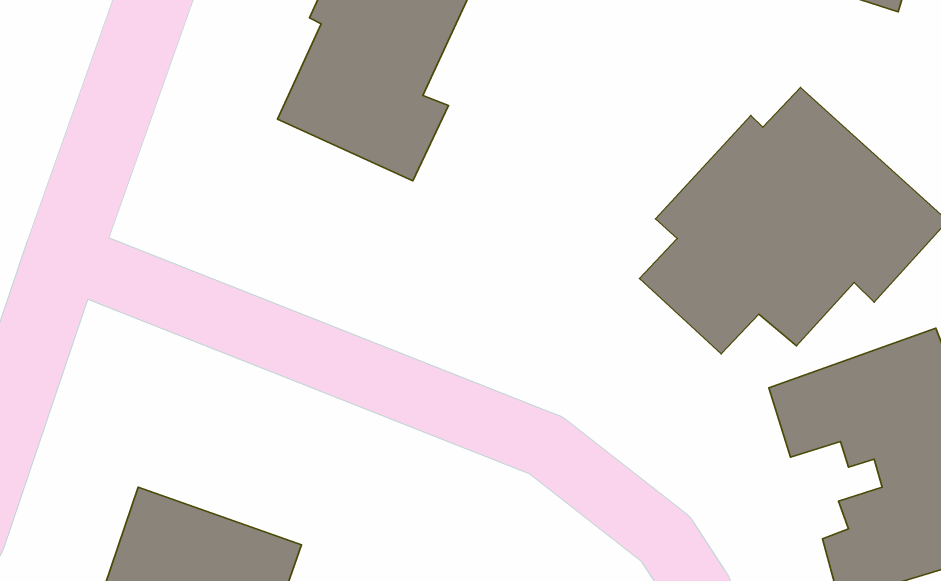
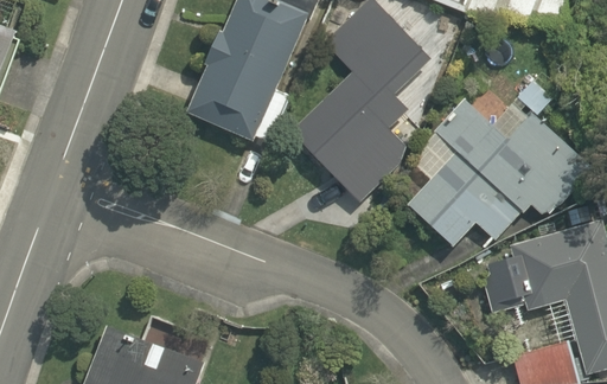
building: none -> [290,41,416,203]

